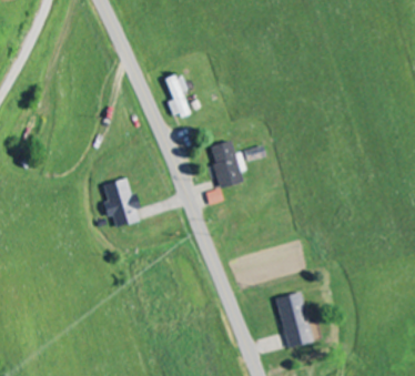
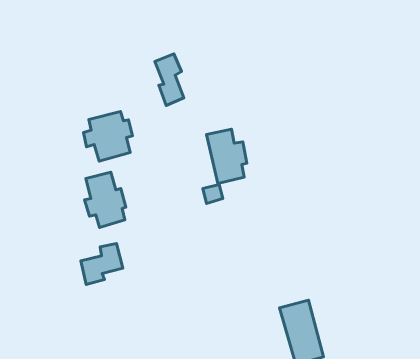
building: none -> [84,112,133,161]
building: none -> [81,243,123,284]

